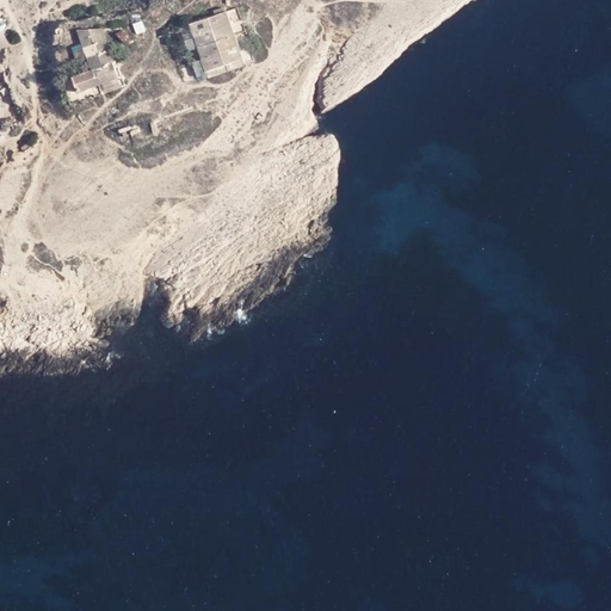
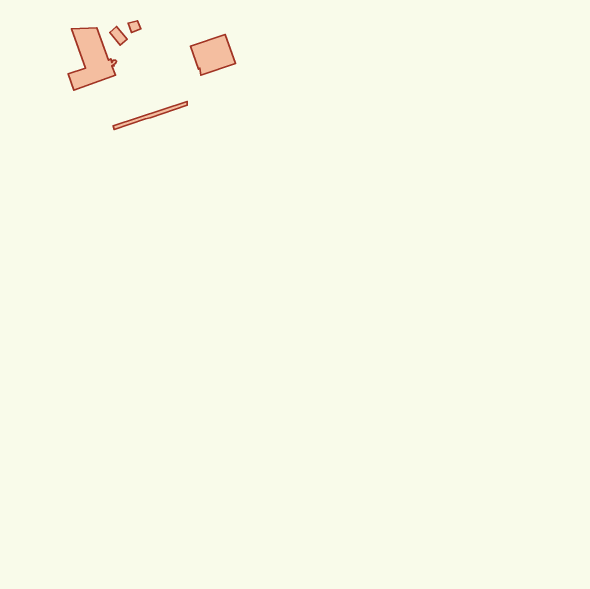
building: [187,5,233,48] -> none

